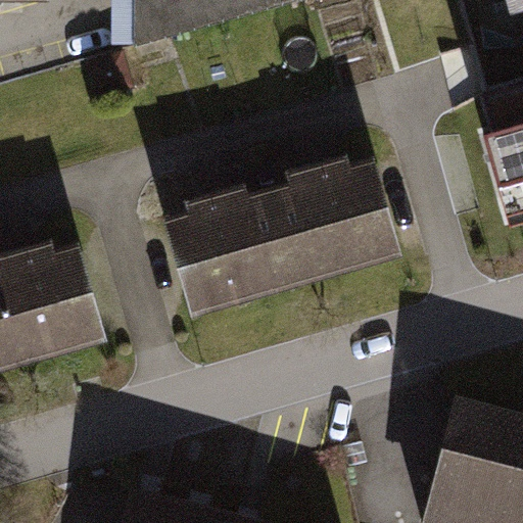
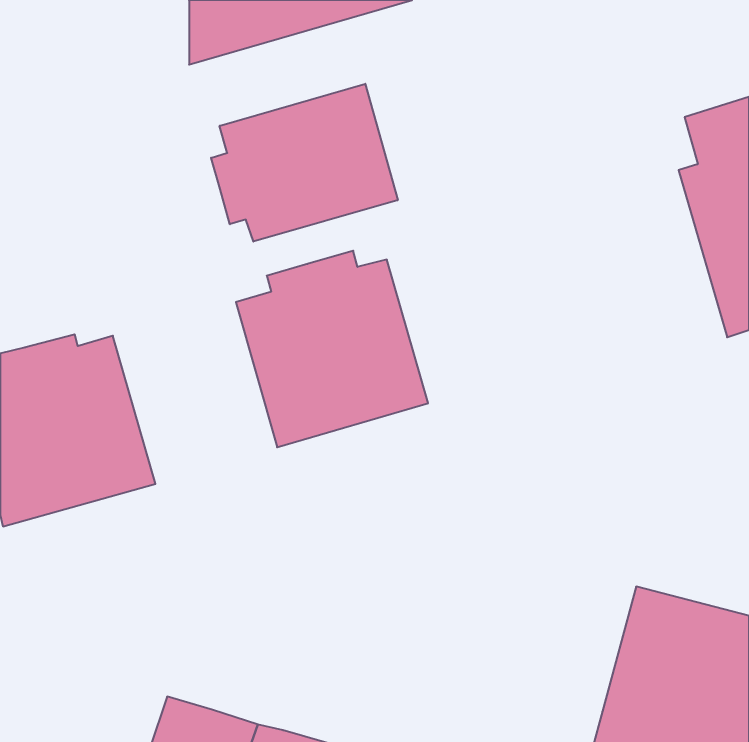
building: none -> [211,84,398,242]
building: [270,152,403,286] -> none

